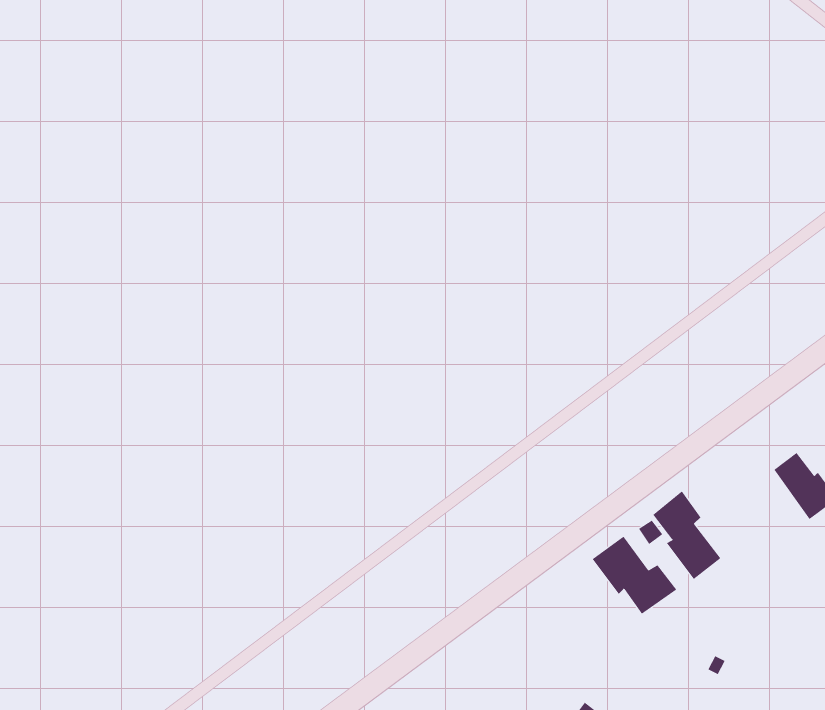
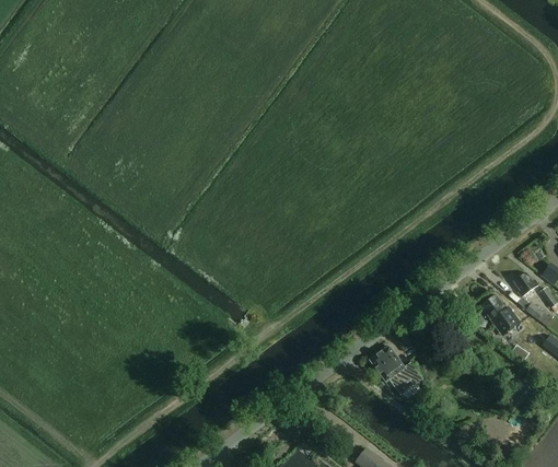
building: [652,491,721,580] -> none

